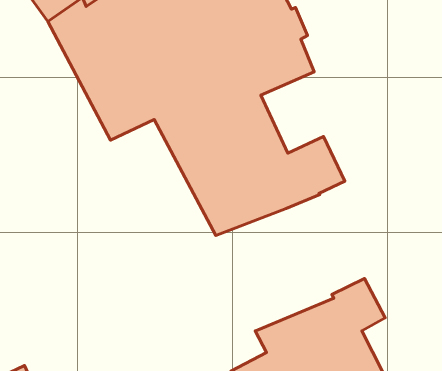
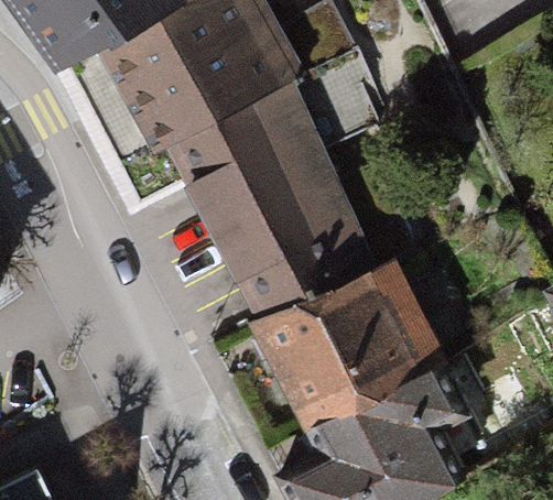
building: none -> [252,264,434,424]

